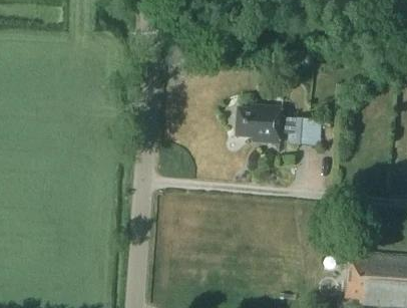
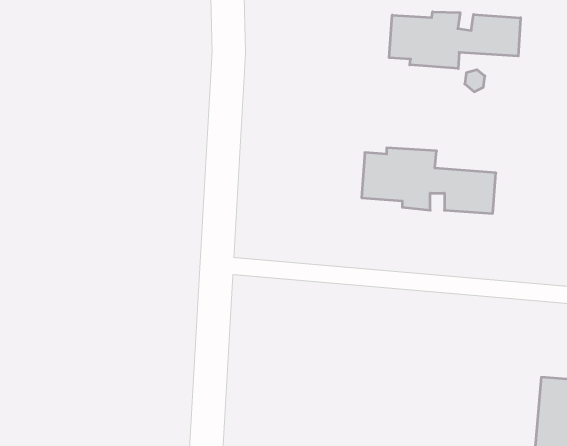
building: none -> [389,12,521,69]

